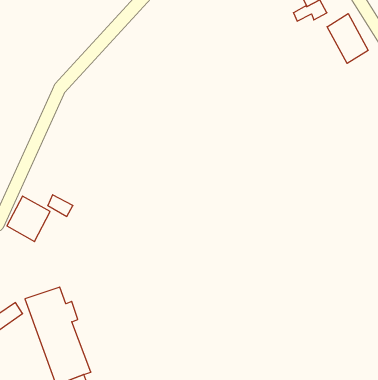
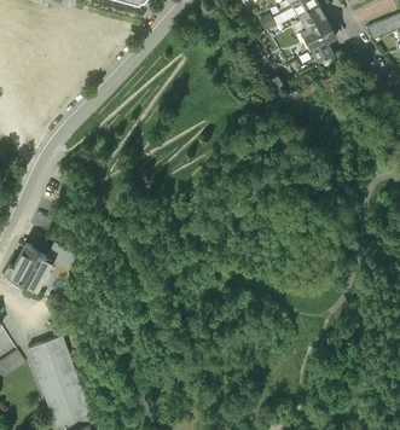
building: [327,14,368,63] -> none

